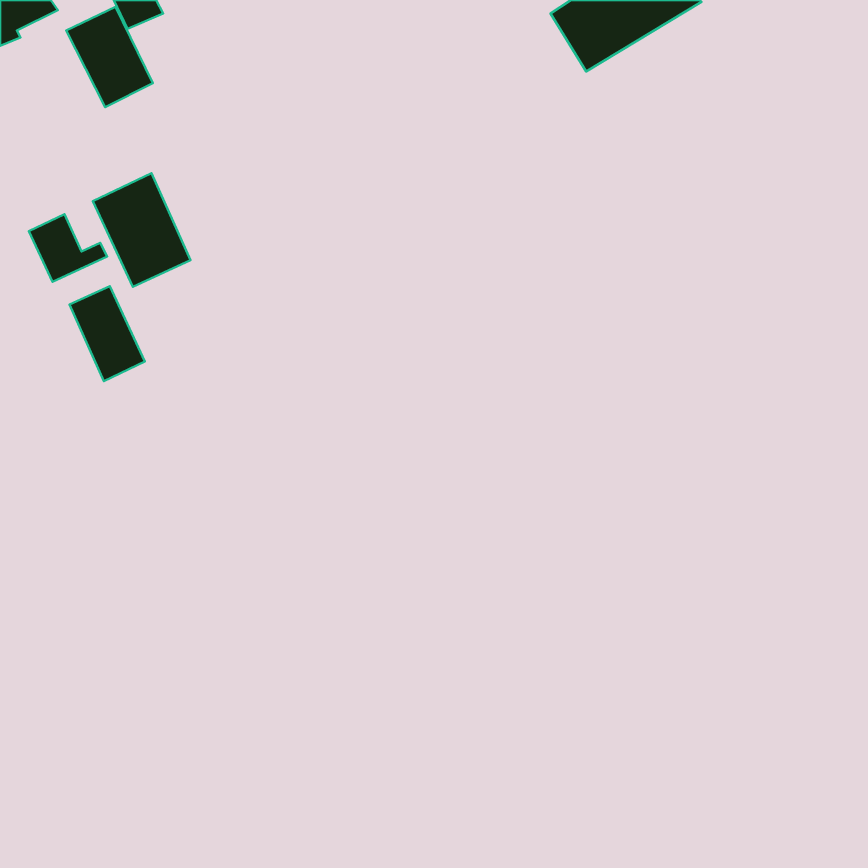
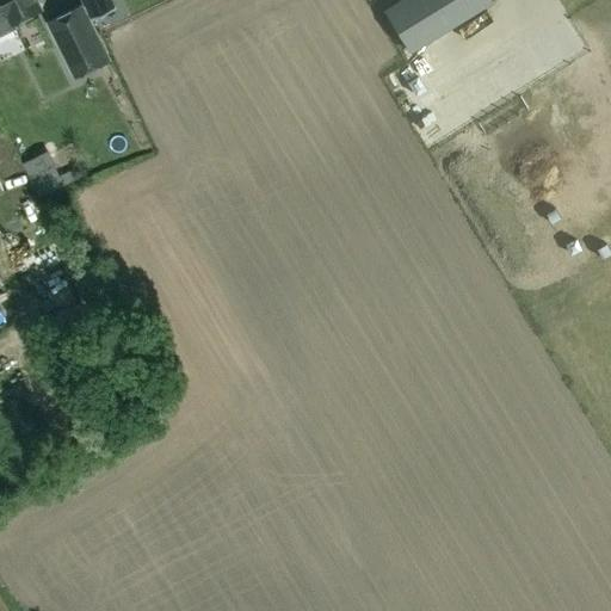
building: [93,173,190,287] -> none
building: [69,286,145,381] -> none

